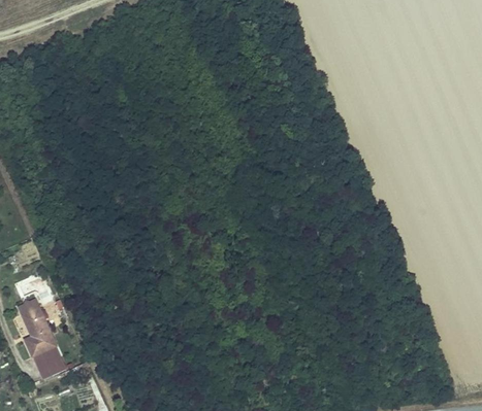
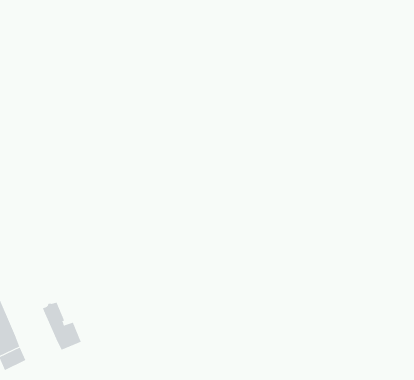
building: none -> [42,302,81,350]

